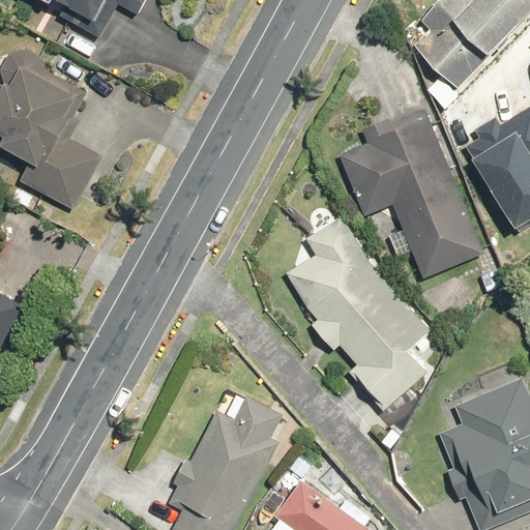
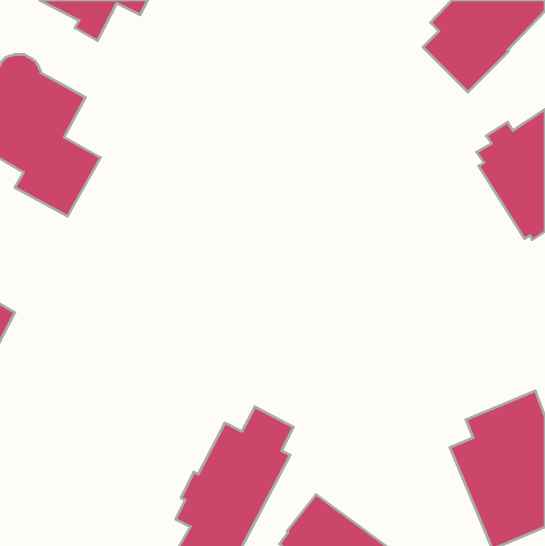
building: [341,109,485,276] -> none
building: [288,216,432,409] -> none

